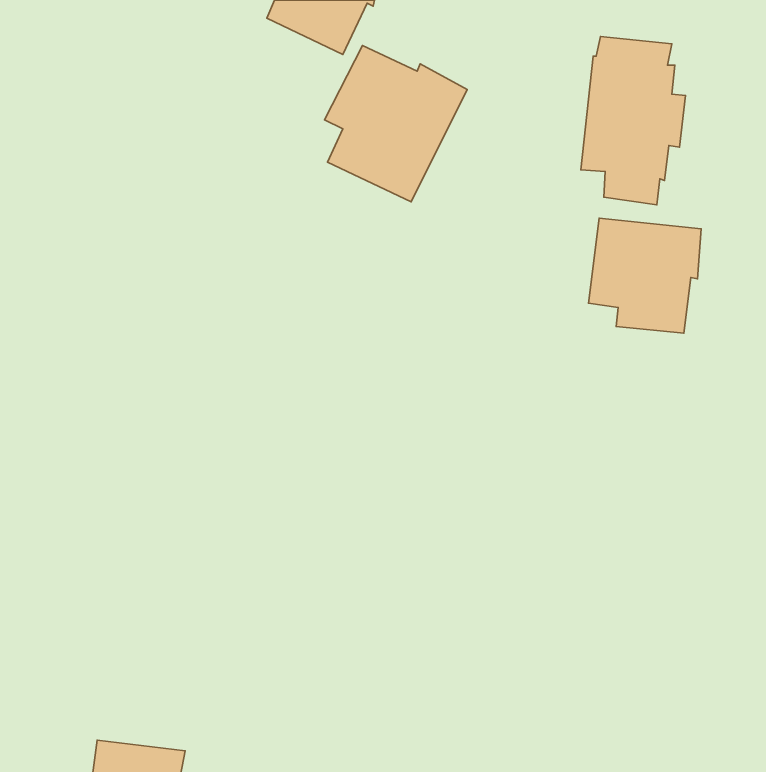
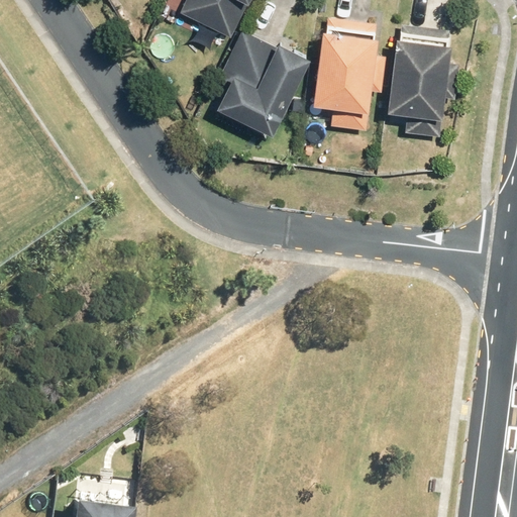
building: none -> [314,18,383,131]
building: [589,218,701,333] -> none

